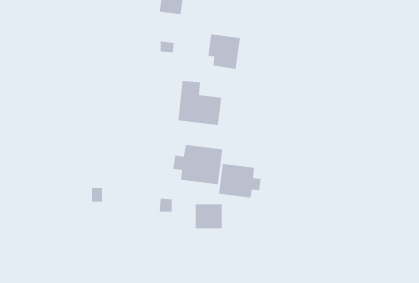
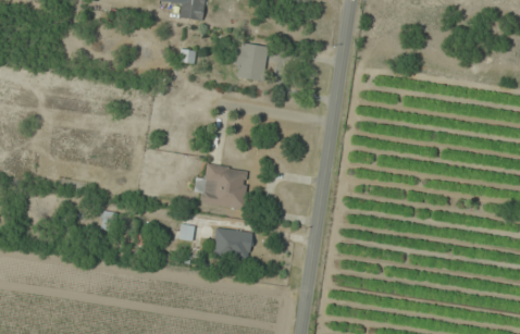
building: [177,80,222,126] -> none
building: [218,163,262,198] -> none

